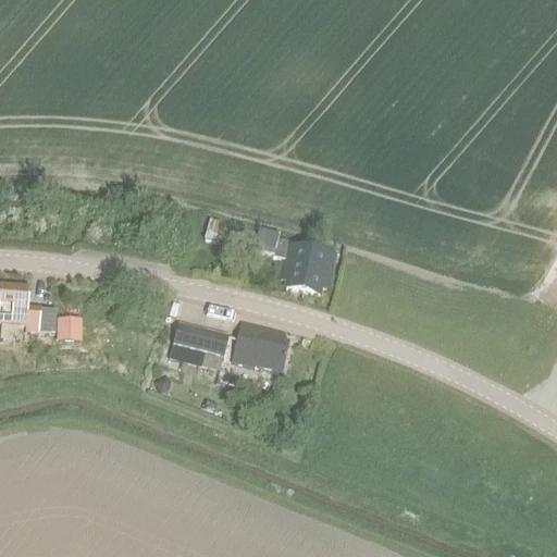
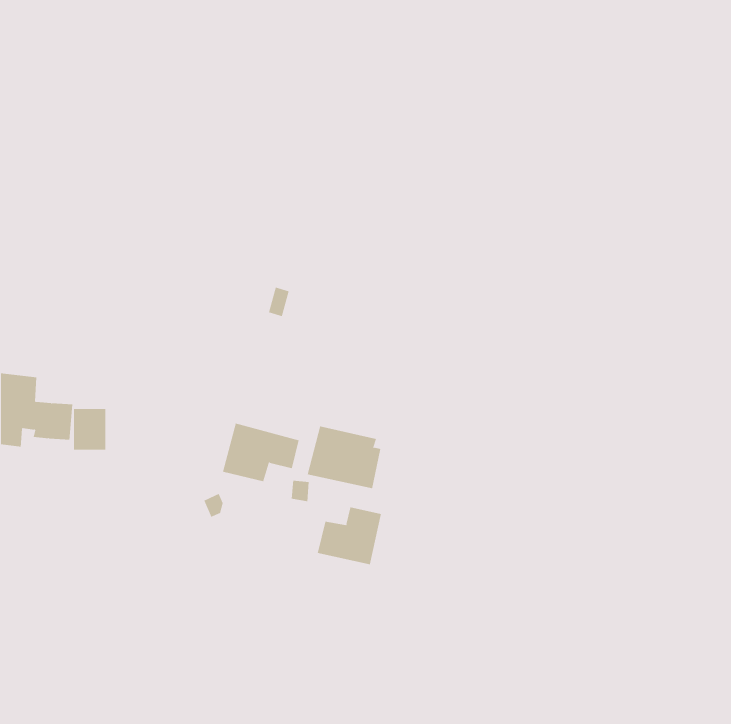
building: [253,227,335,293] -> none
building: none -> [317,506,381,565]

